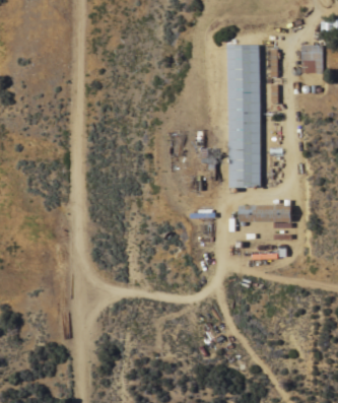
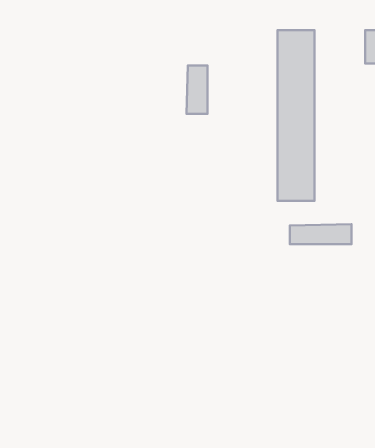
building: none -> [187,66,208,114]

